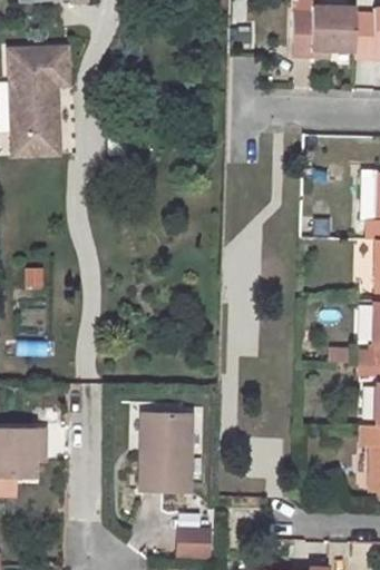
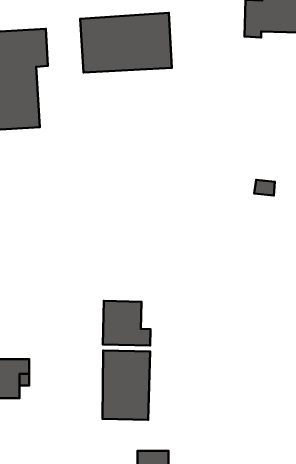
building: none -> [80,13,172,73]
building: none -> [103,301,151,345]

